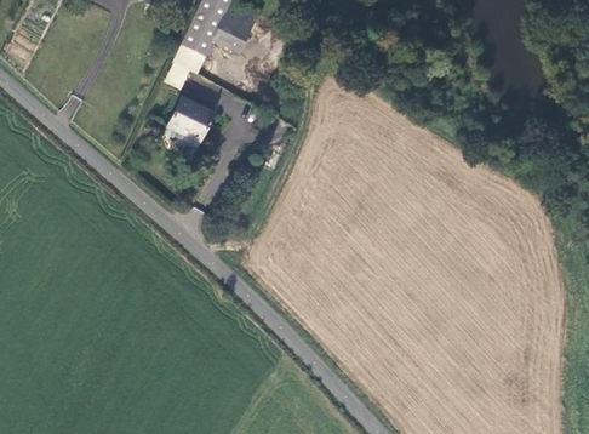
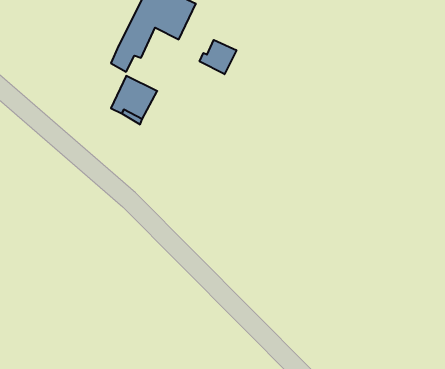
building: none -> [200,40,236,74]

